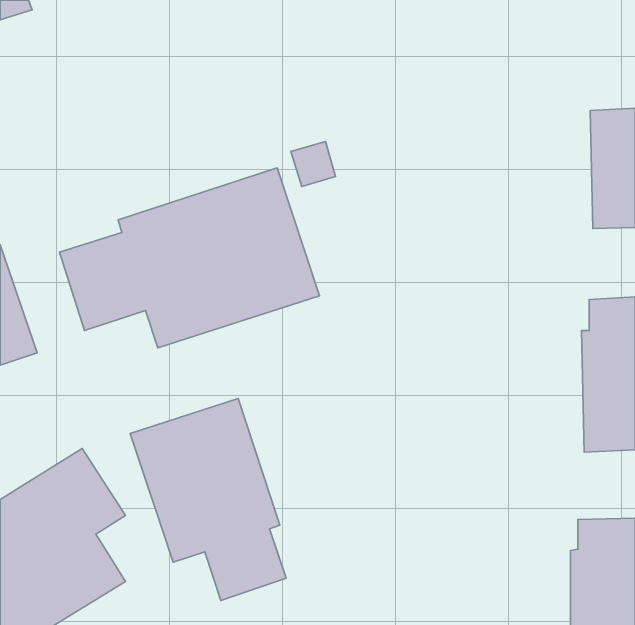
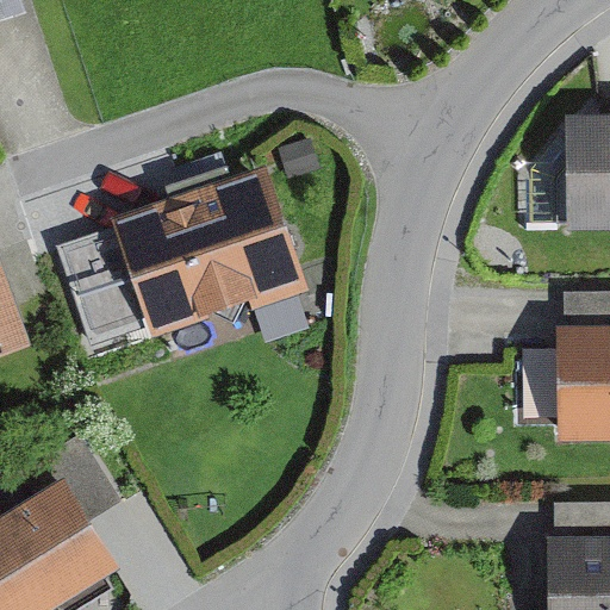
building: [130,398,286,600] -> none

